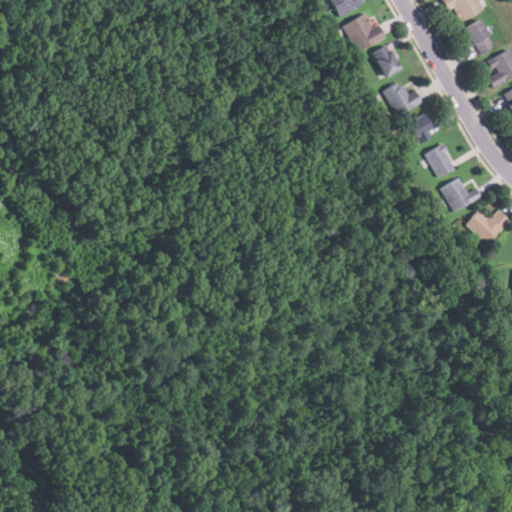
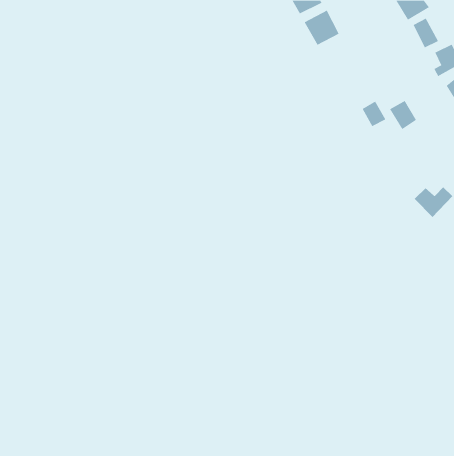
building: [372,45,400,77] -> none
building: [383,81,422,115] -> none
building: [424,144,455,177] -> [389,100,417,130]
building: [440,177,480,212] -> none

